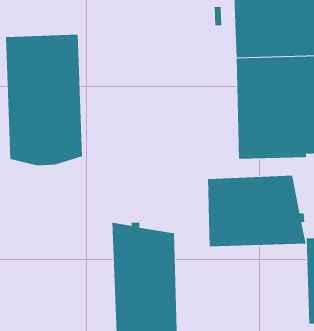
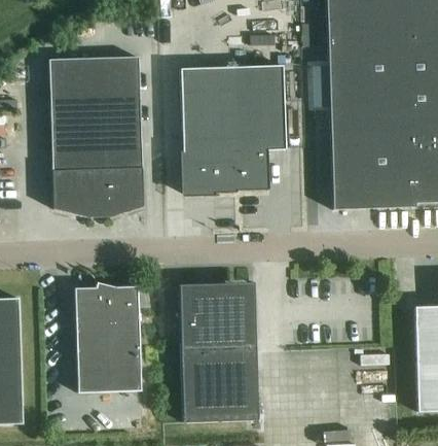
building: none -> [180,65,286,194]
building: [207,175,306,247] -> none
building: none -> [74,282,141,392]

